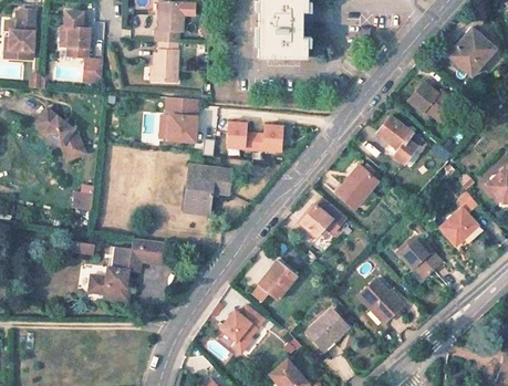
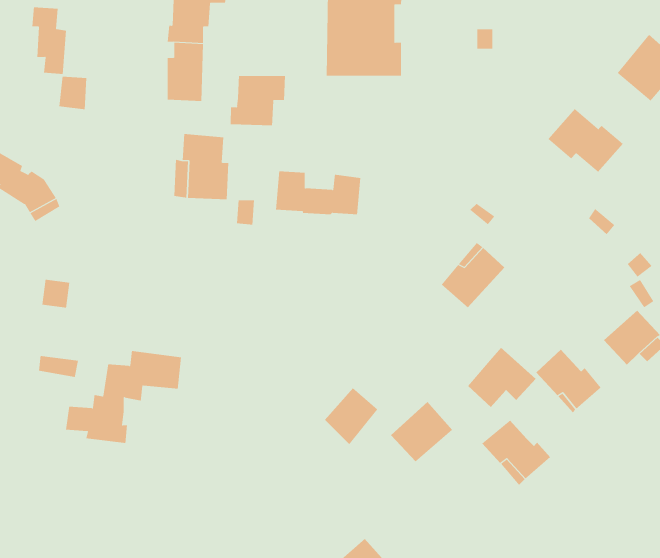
building: none -> [230,75,286,126]
building: [374,117,419,163] -> none
building: [184,163,231,212] -> none
building: [300,196,345,236] -> [467,347,537,408]
building: [219,305,263,353] -> none
building: [307,311,348,351] -> [390,401,453,462]

